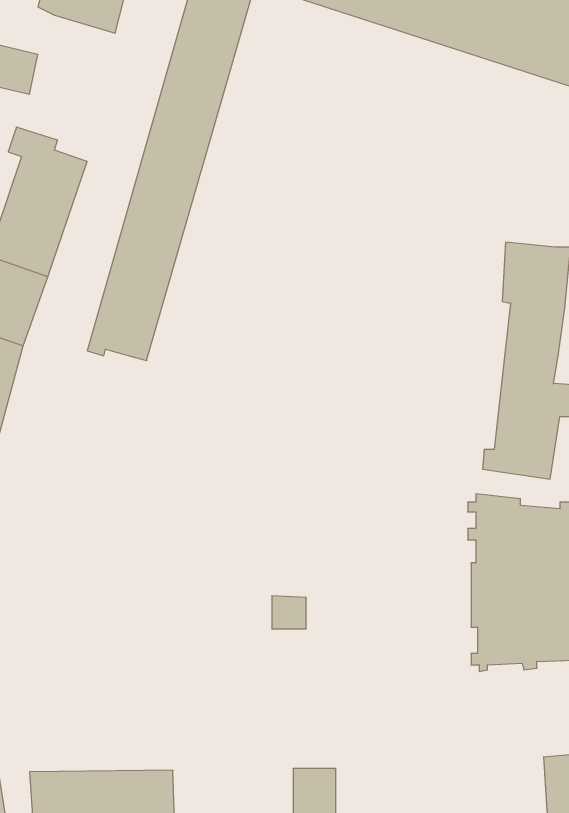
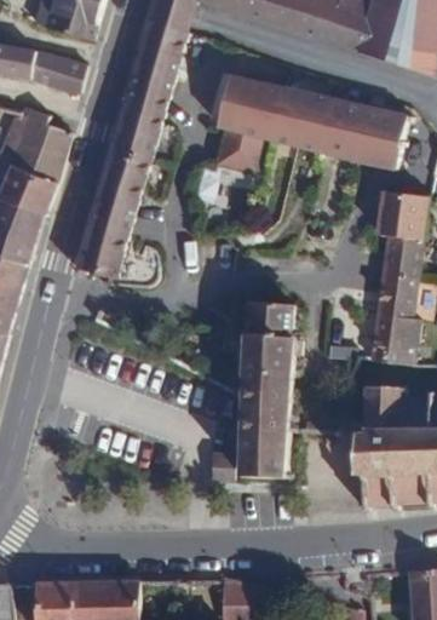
building: none -> [30,53,87,93]
building: none -> [213,76,406,173]
building: none -> [237,303,299,477]

